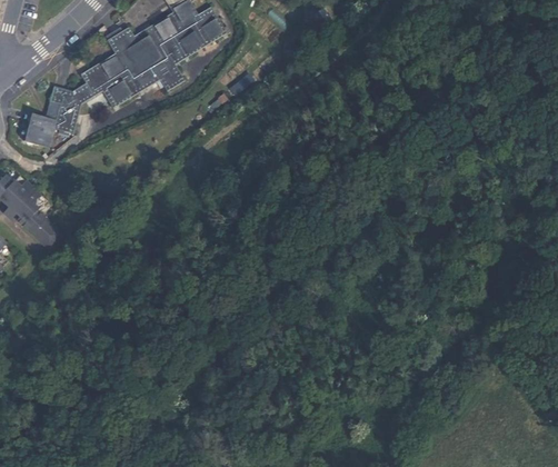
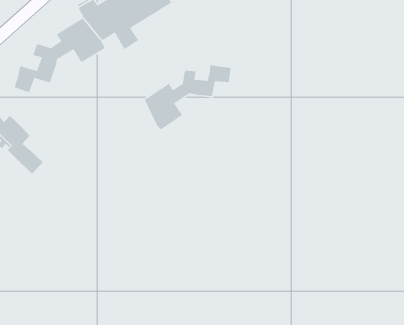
building: none -> [144,64,231,130]

